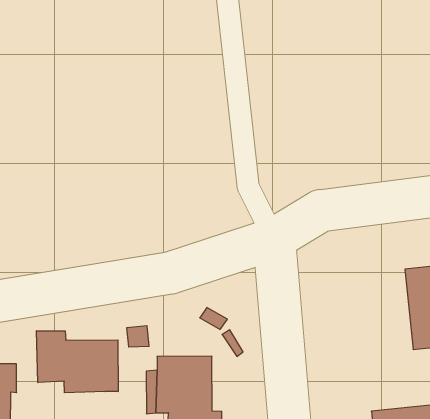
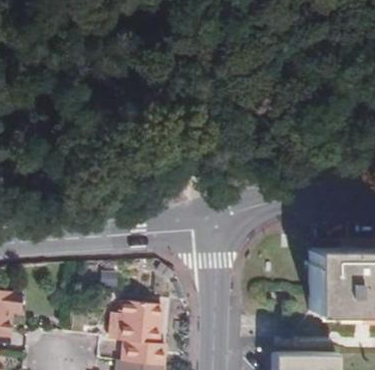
building: [37,331,118,393] -> none

